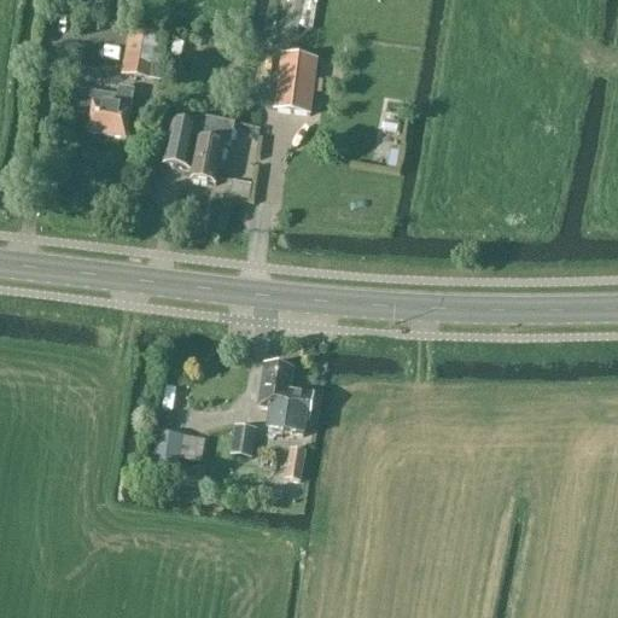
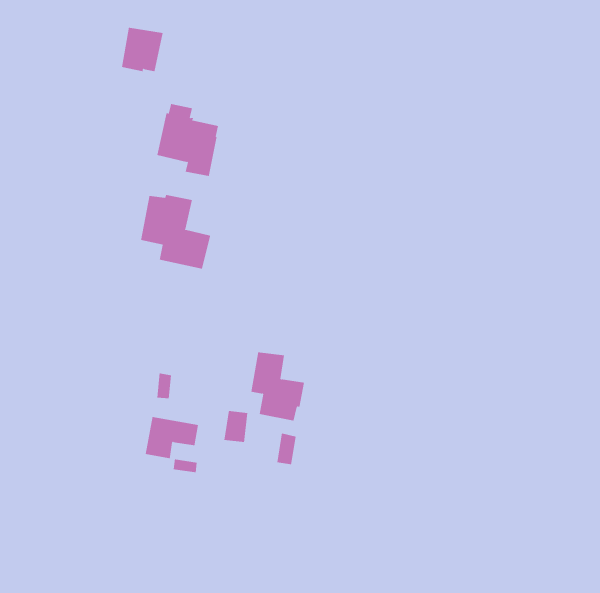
building: [274,49,317,110] -> none
building: [88,82,134,134] -> none
building: none -> [141,194,211,269]

